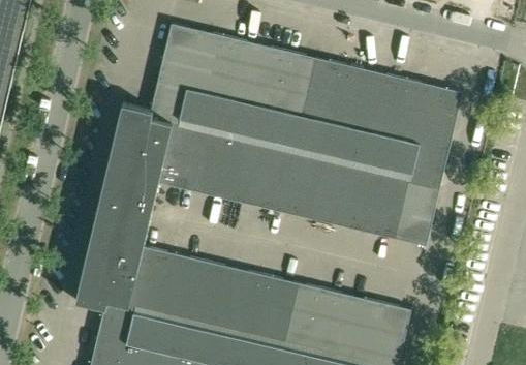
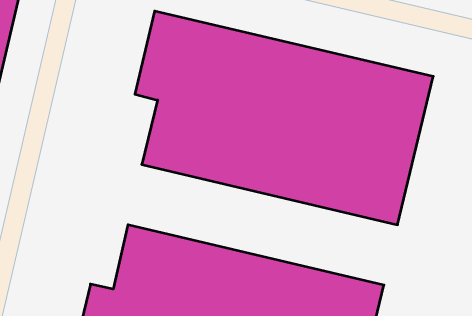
building: [74,101,173,312] -> none

